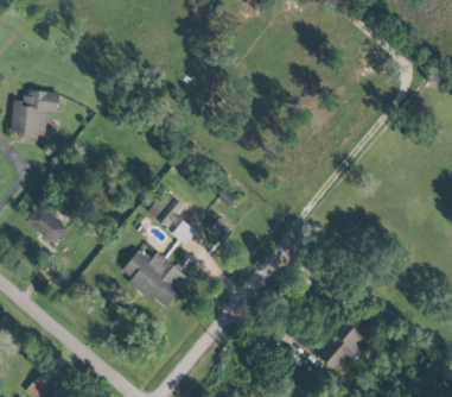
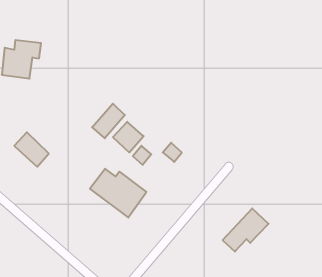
building: none -> [92,104,125,138]
building: [318,317,375,371] -> [223,208,269,252]

